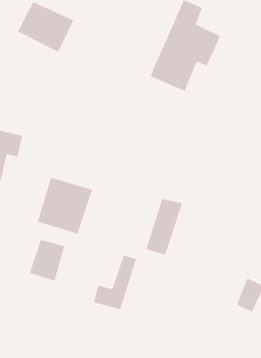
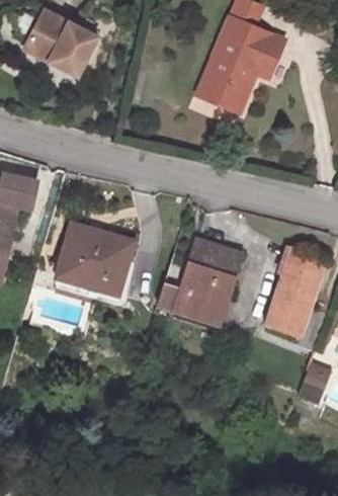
building: none -> [264,250,327,338]
building: [29,239,65,281] -> none
building: [93,255,137,310] -> [158,244,213,313]

